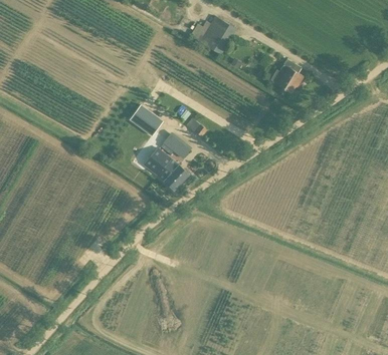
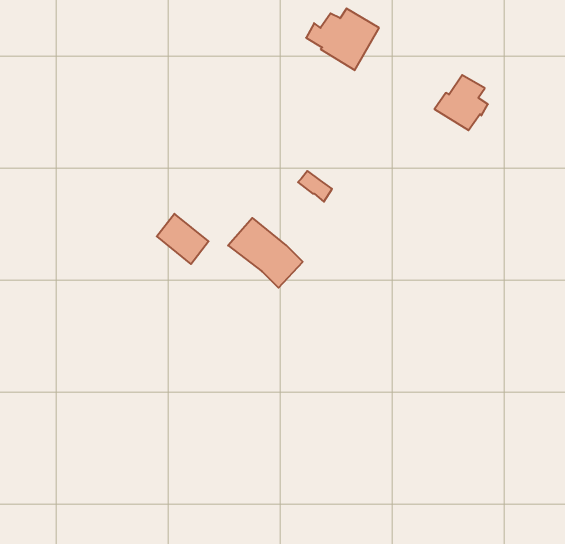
building: [130,103,162,134] -> [157,214,209,264]
building: [161,131,191,157] -> none

